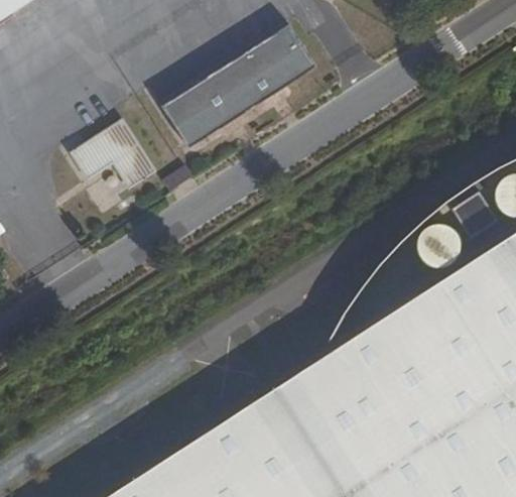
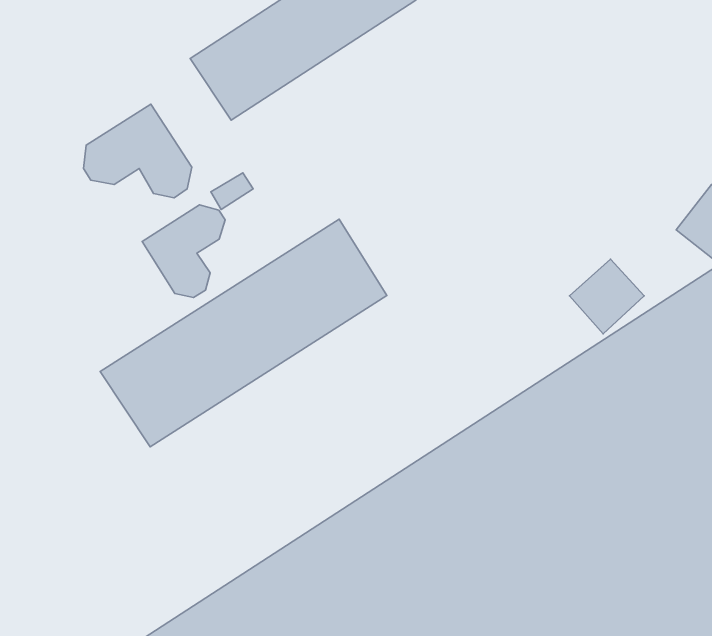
building: none -> [142,205,225,297]
building: none -> [100,219,387,447]

